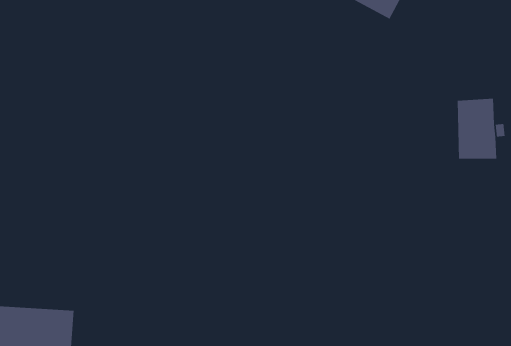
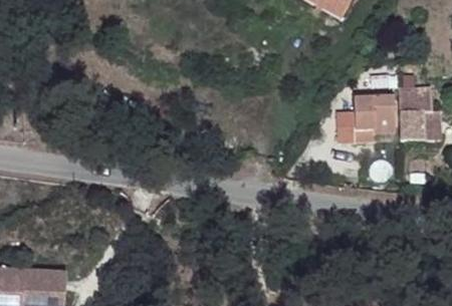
building: none -> [335,94,395,141]

